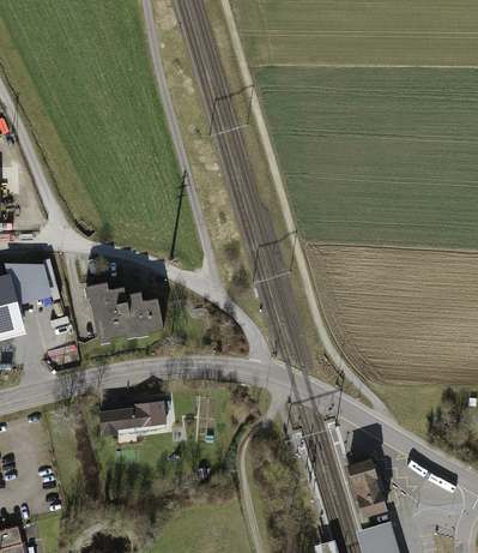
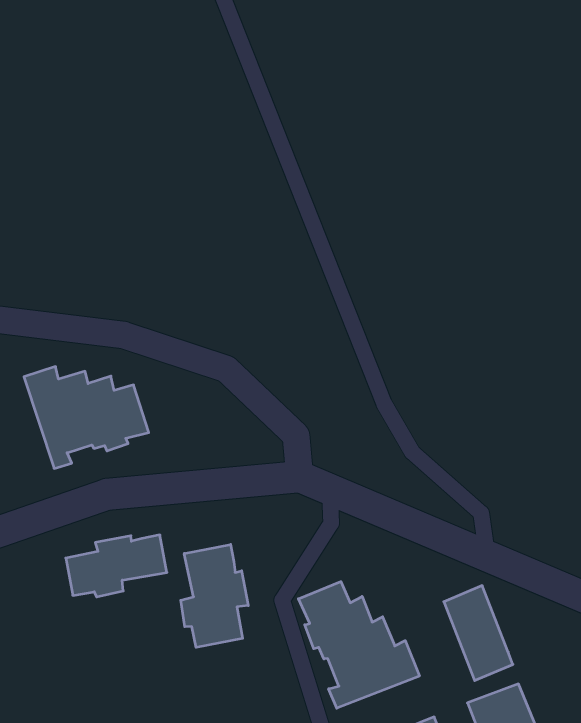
building: none -> [181,544,248,647]
building: none -> [298,582,419,708]

